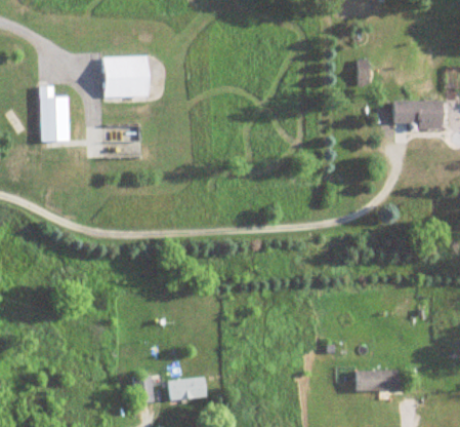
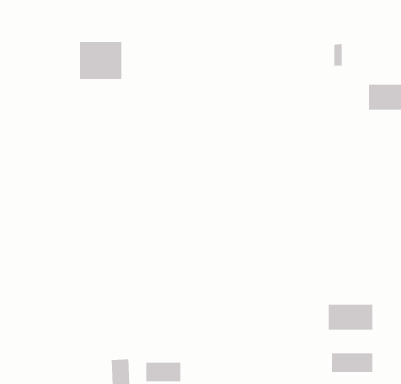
building: [40,85,68,141] -> none
building: none -> [328,304,373,331]

